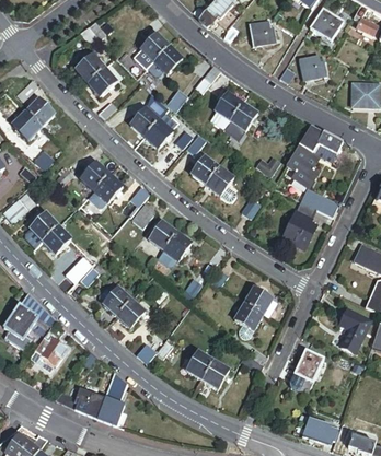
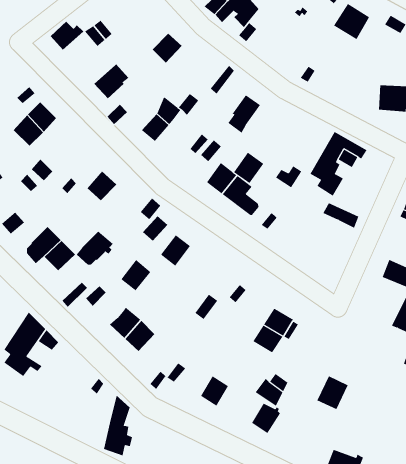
building: [251,20,276,43] -> none
building: [150,46,182,77] -> none
building: [76,54,107,81] -> [50,21,84,51]
building: [299,56,326,79] -> none
building: [229,101,257,130] -> [233,152,264,184]
building: [145,114,174,147] -> none
building: [89,174,124,206] -> [76,231,114,265]
building: [281,200,314,247] -> none
building: [163,231,192,260] -> [120,259,151,291]
building: [338,307,371,352] -> none
building: [34,336,66,364] -> none
building: [201,360,229,388] -> [251,403,281,434]
building: [56,387,102,418] -> none

